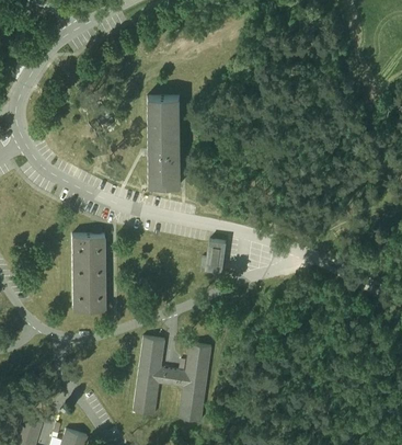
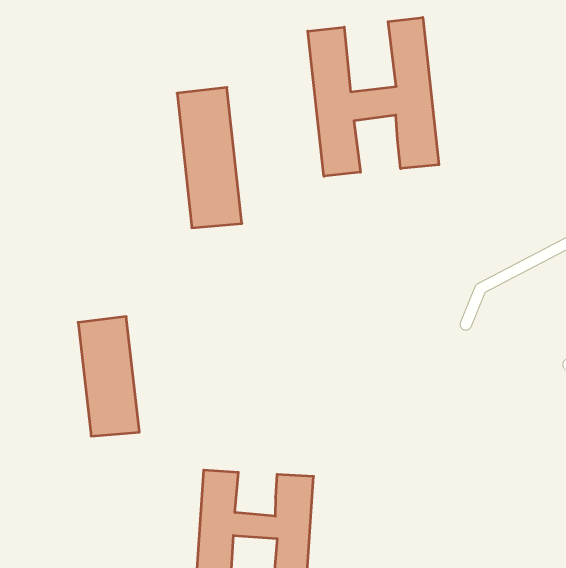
building: none -> [308,17,439,176]
building: [205,240,226,271] -> none

